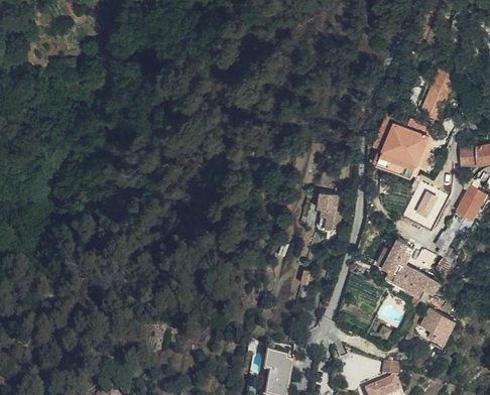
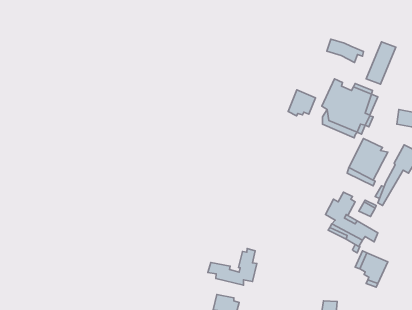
building: none -> [327,39,364,62]
building: none -> [288,90,316,116]
building: [317,190,341,231] -> none
building: none -> [208,249,257,285]

